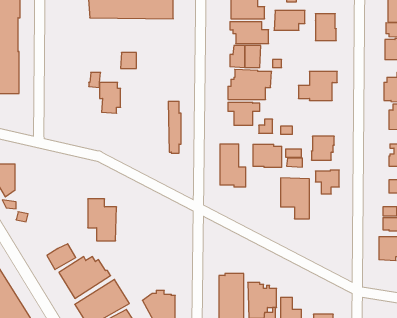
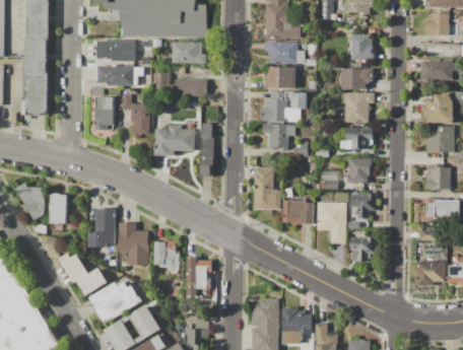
building: [274,10,305,30] -> [340,68,372,88]
building: none -> [96,41,135,61]
building: none -> [172,42,206,63]
building: none -> [96,65,134,85]
building: none -> [175,78,206,95]
building: none -> [96,96,114,130]
building: none -> [154,125,195,155]
building: none -> [346,133,374,149]
building: [253,144,282,167] -> [283,200,313,223]
building: none -> [50,193,66,223]
building: none -> [88,208,116,248]
building: none -> [350,236,377,262]
building: none -> [154,240,179,273]
building: none -> [59,253,88,282]
building: none -> [187,257,214,288]

